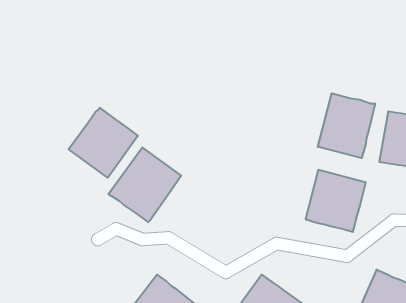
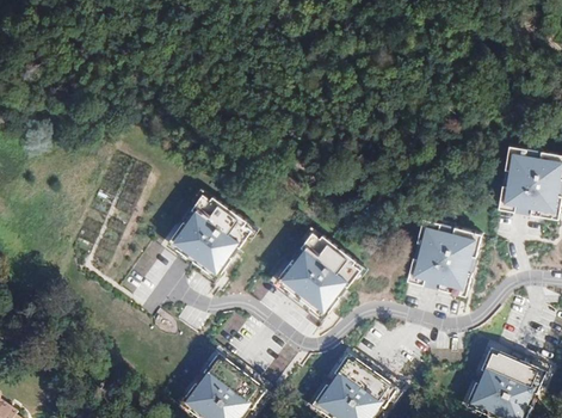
building: [318,93,375,158] -> none
building: [69,108,138,178] -> none
building: none -> [271,229,362,321]

